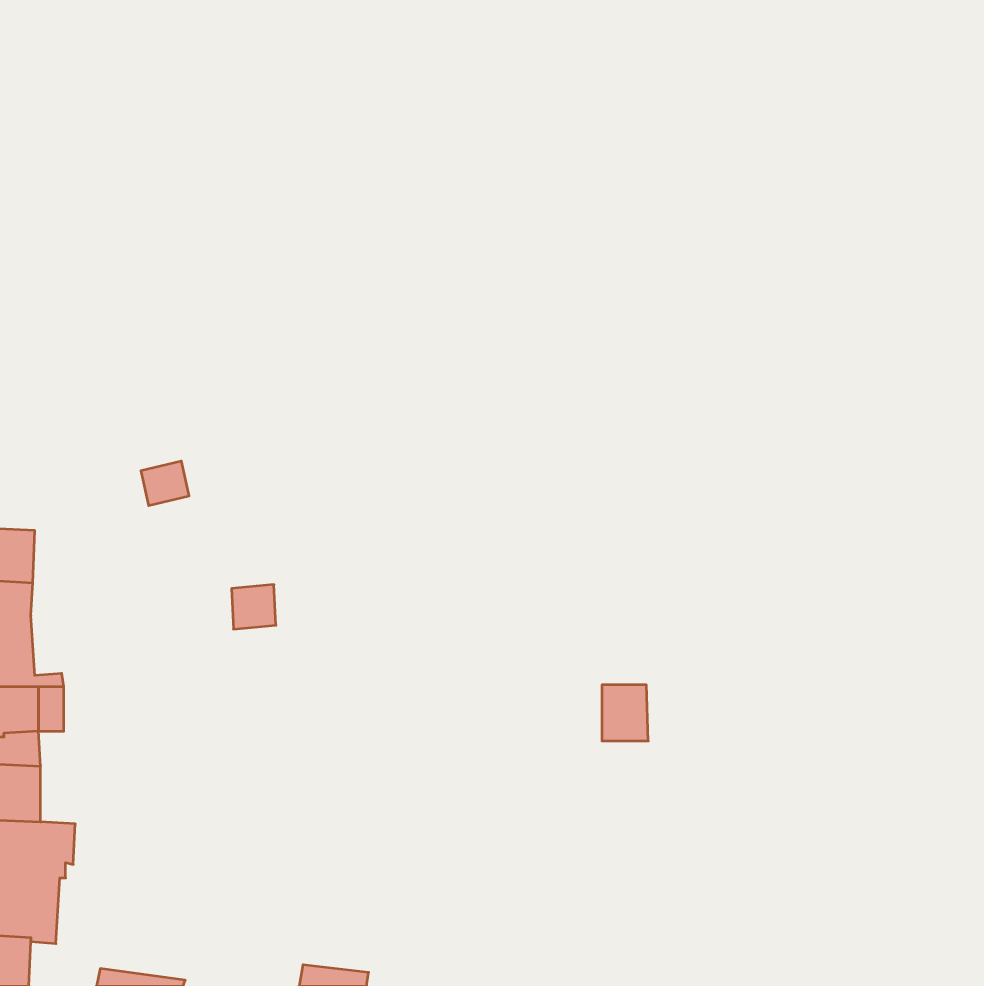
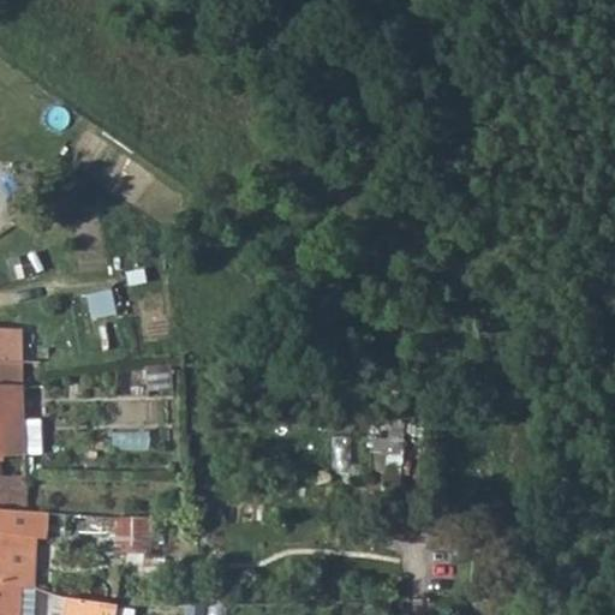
building: none -> [112,519,150,555]

